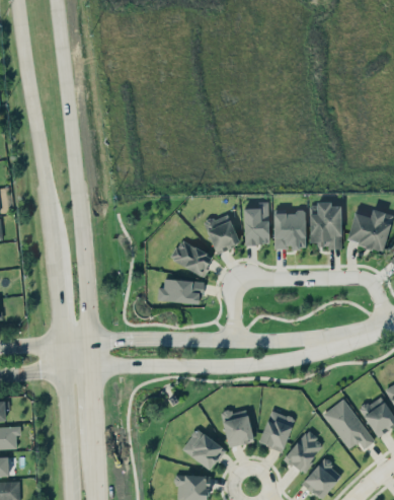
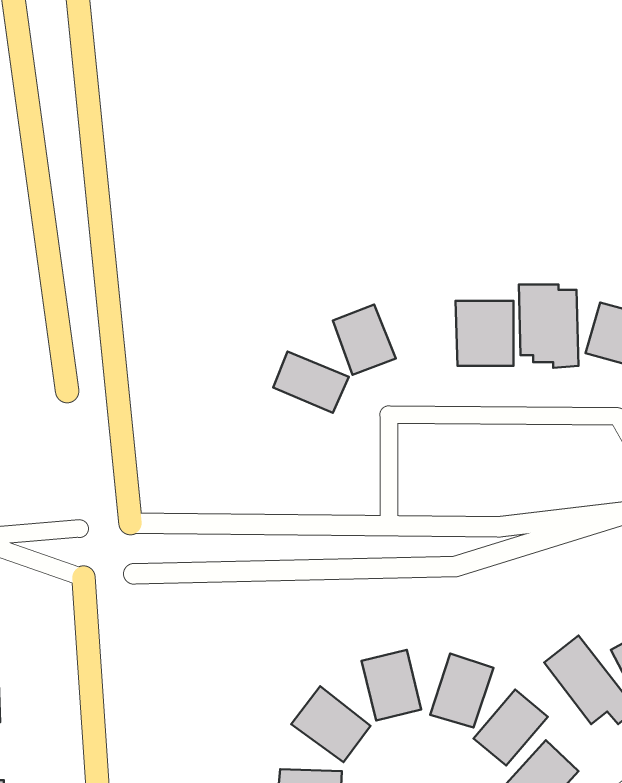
building: [244,202,269,245] -> none
building: [158,280,203,303] -> none

